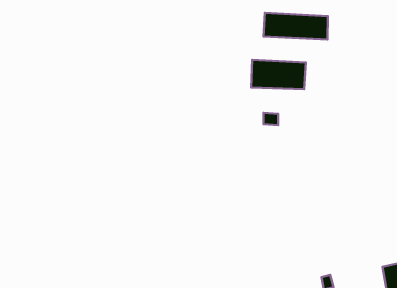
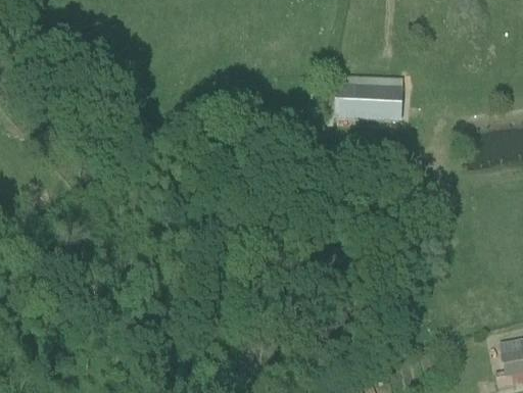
building: [263,13,328,39] -> none

